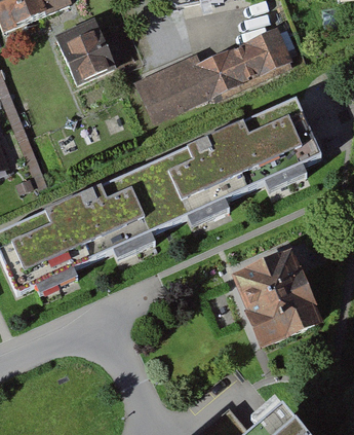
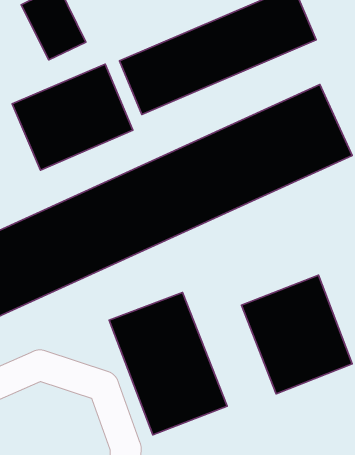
building: none -> [12,64,133,170]
building: none -> [109,292,227,435]

